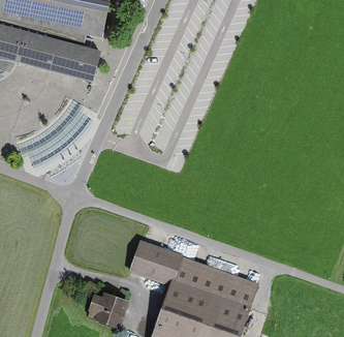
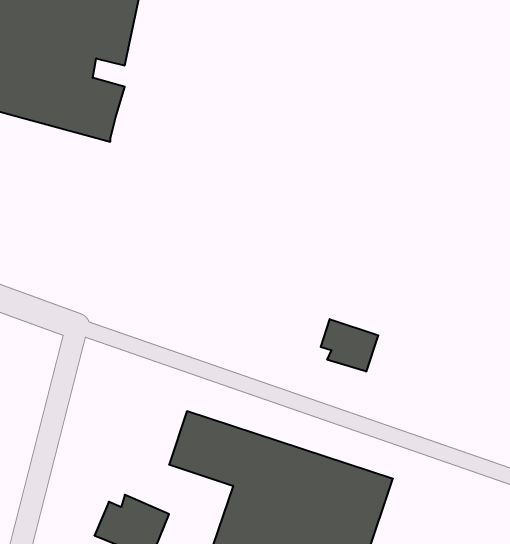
building: none -> [321,319,378,372]

